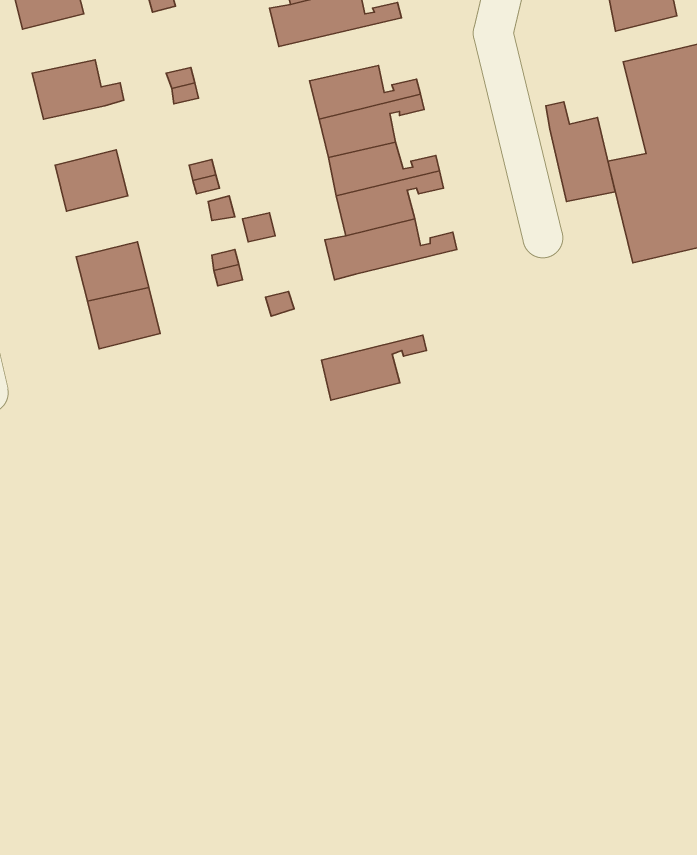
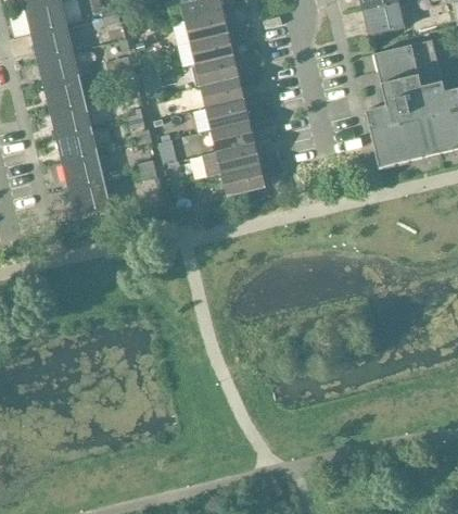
building: none -> [33,25,74,59]
building: none -> [178,27,250,66]
building: [546,102,615,201] -> none
building: none -> [44,77,86,111]
building: none -> [58,128,98,163]
building: [321,335,427,400] -> [221,159,281,196]

